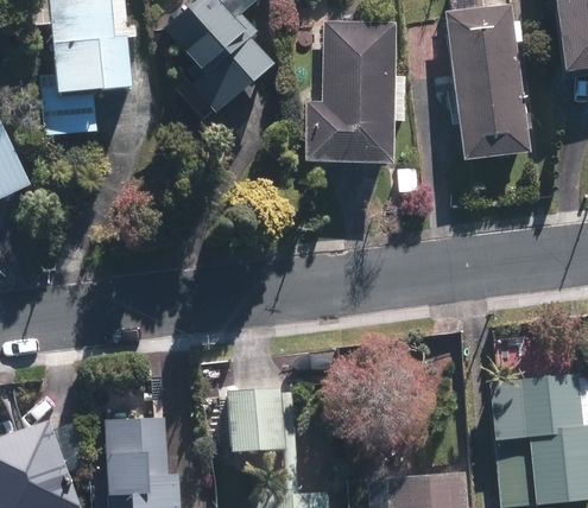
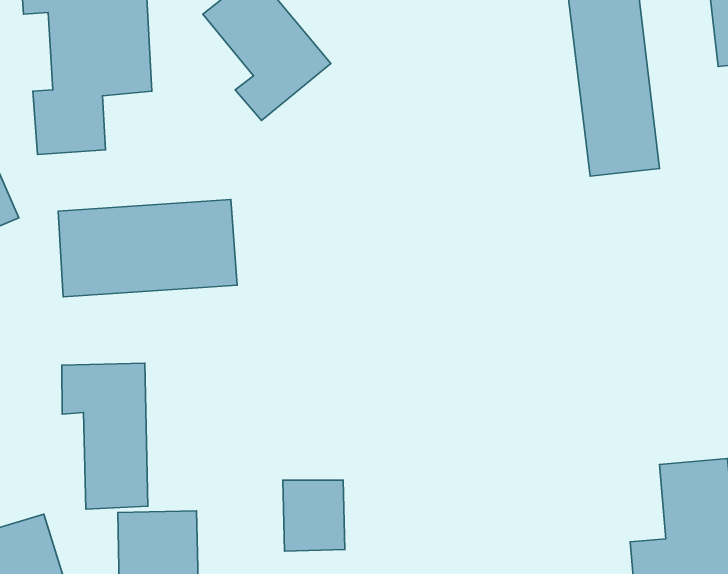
building: [309,30,391,164] -> none
building: none -> [58,199,237,297]
building: none -> [62,363,148,509]

